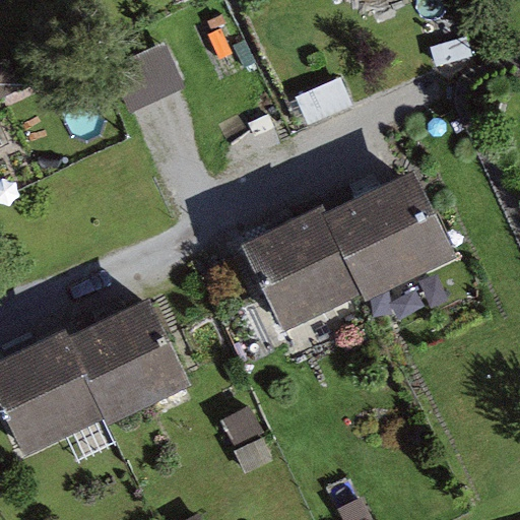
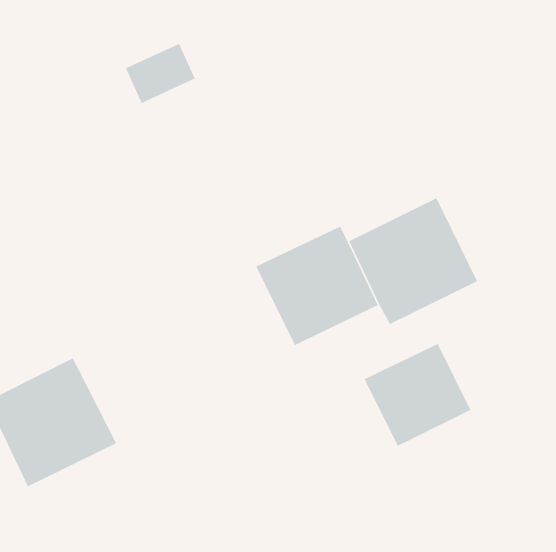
building: [74,301,199,425] -> none
building: none -> [363,343,471,447]

